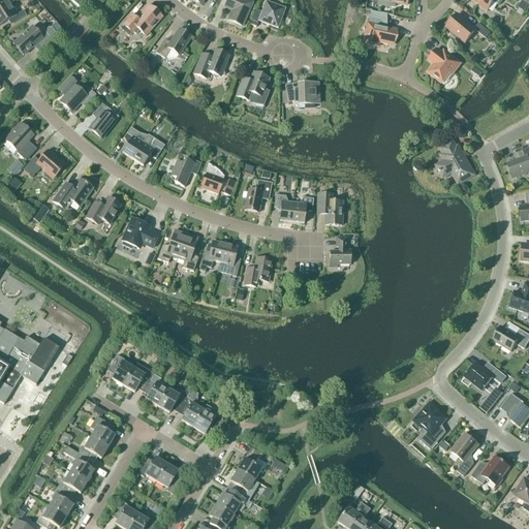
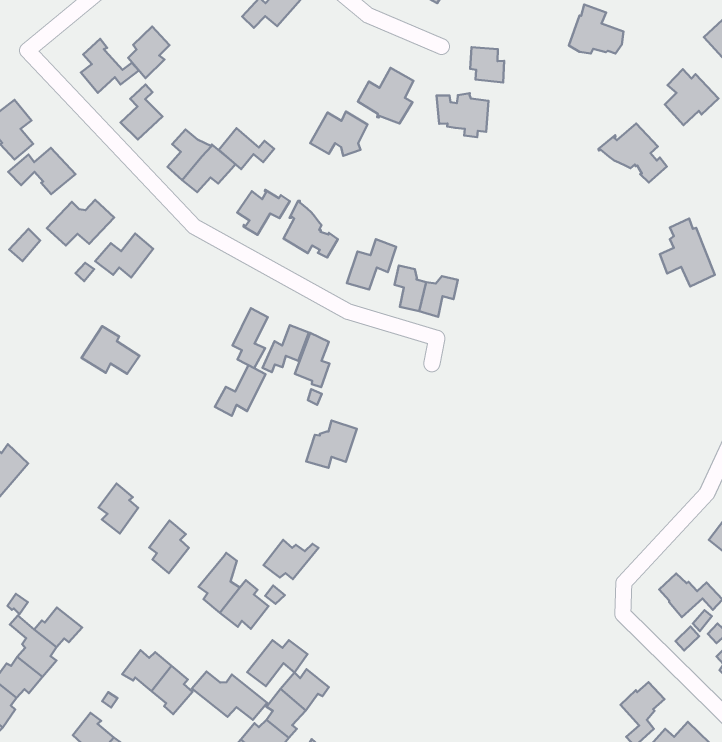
building: [193,50,227,77] -> [310,112,367,156]
building: none -> [470,47,504,82]
building: none -> [128,26,170,78]
building: none -> [598,124,667,183]
building: none -> [219,128,274,169]
building: [317,192,342,224] -> none
building: [122,218,158,247] -> [81,326,140,374]
building: [157,228,186,261] -> [215,365,265,416]
building: [330,237,350,266] -> none
building: [243,256,272,286] -> [306,420,357,468]
building: [123,362,154,391] -> none
building: [157,387,190,411] -> [263,540,319,579]
building: [414,402,445,448] -> none
building: [90,415,115,446] -> none
building: none -> [247,640,307,686]
building: none -> [192,672,267,720]

